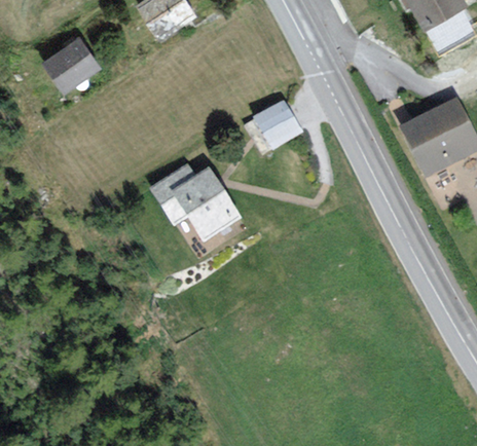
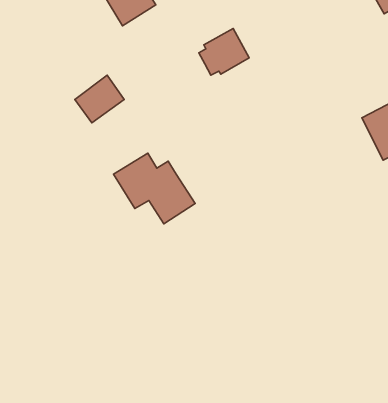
building: [46,39,97,87] -> [75,75,124,123]
building: [250,100,301,147] -> [199,29,249,75]

